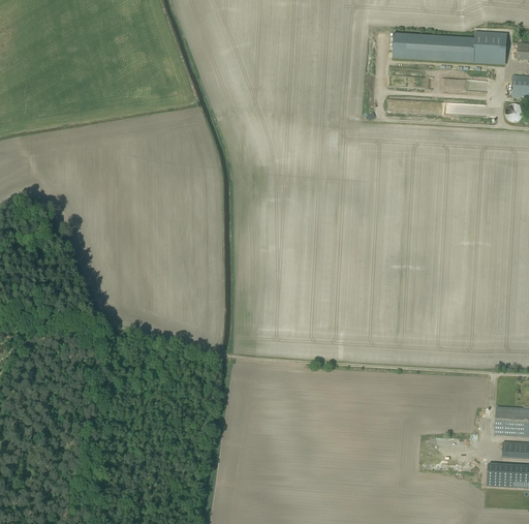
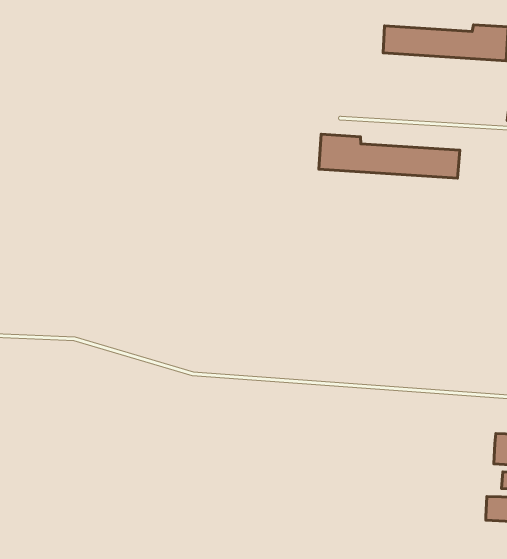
building: none -> [319,134,460,178]

